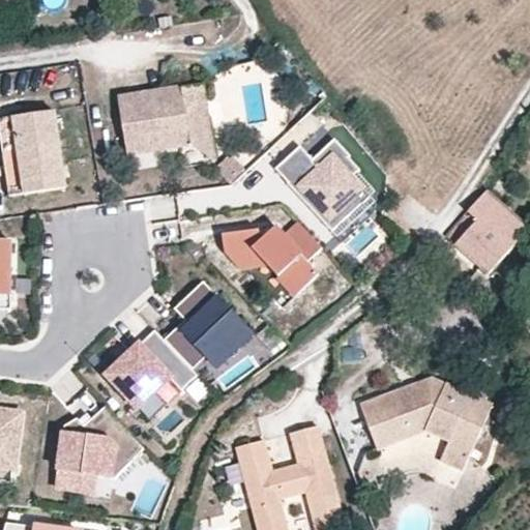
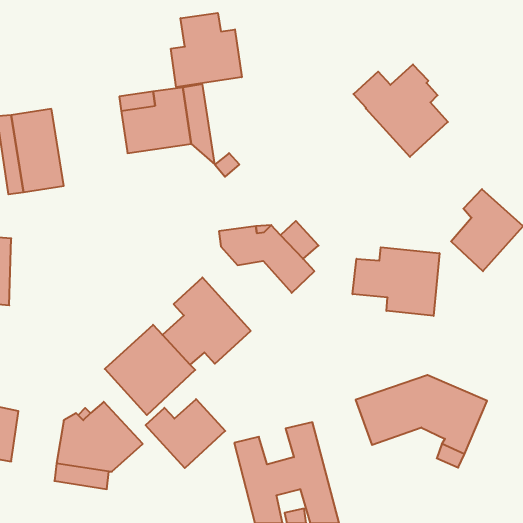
building: none -> [171,13,242,87]
building: [273,138,369,231] -> [353,64,448,157]
building: none -> [353,247,439,316]
building: none -> [146,399,225,468]

